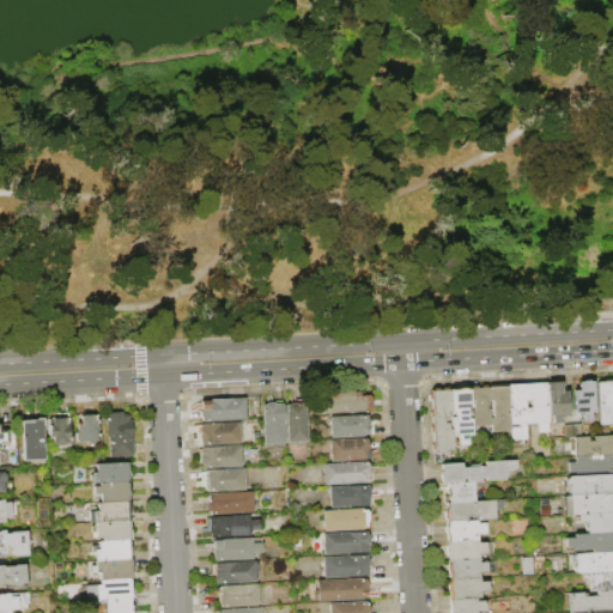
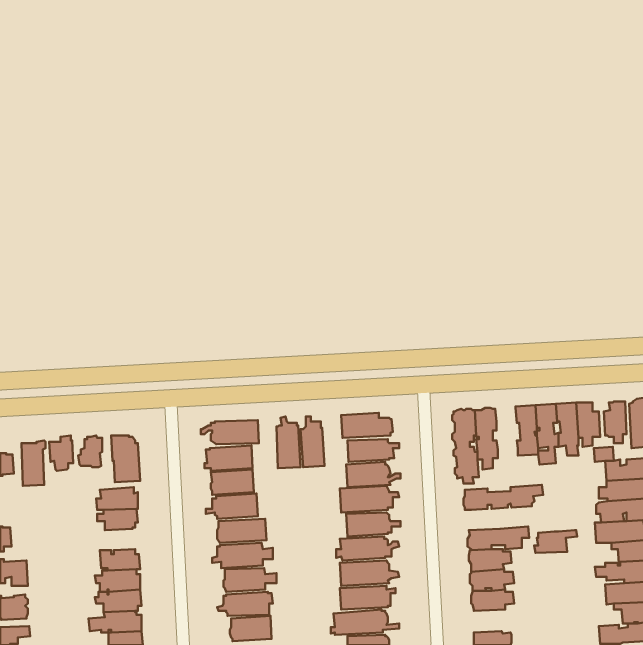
building: [472,386,493,426] -> none
building: [445,481,486,503] -> [534,530,577,553]
building: [95,502,134,522] -> none
building: [449,578,491,600] -> none

